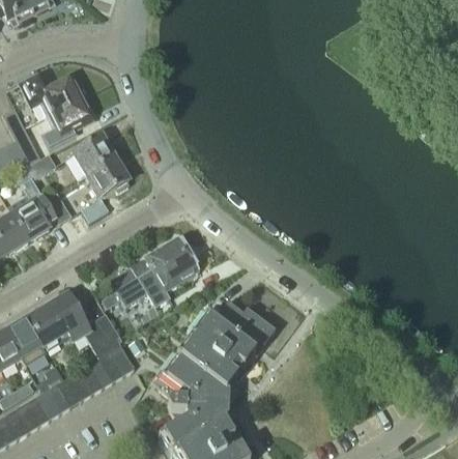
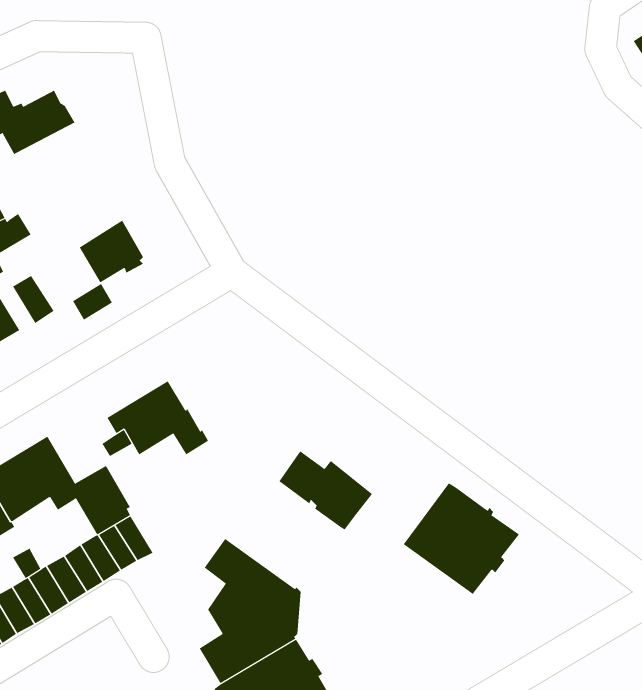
building: [41,93,93,143] -> none
building: [74,135,115,173] -> none
building: [143,235,198,290] -> none
building: [179,319,254,391] -> [403,483,520,595]

